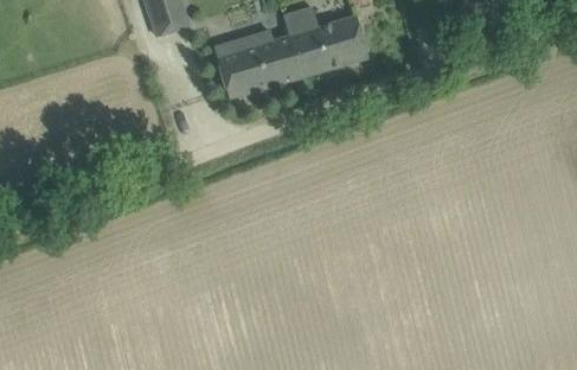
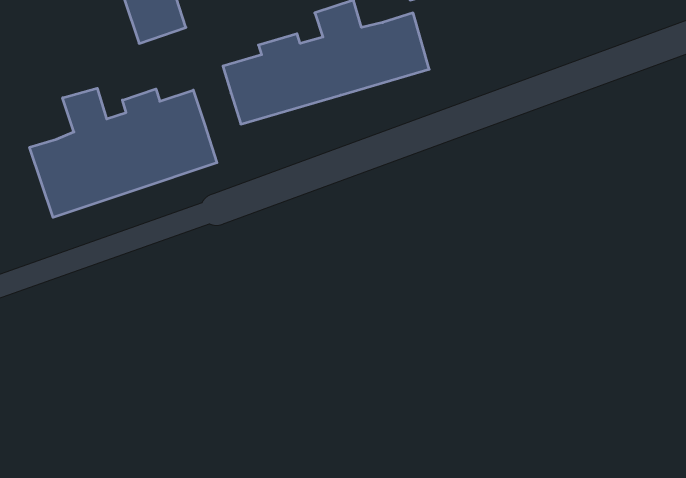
building: none -> [30,88,217,217]

